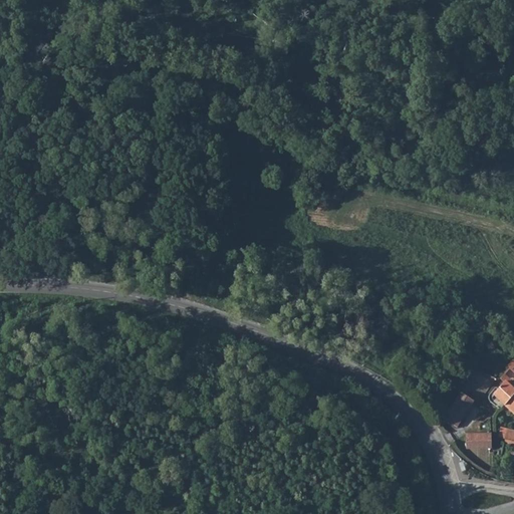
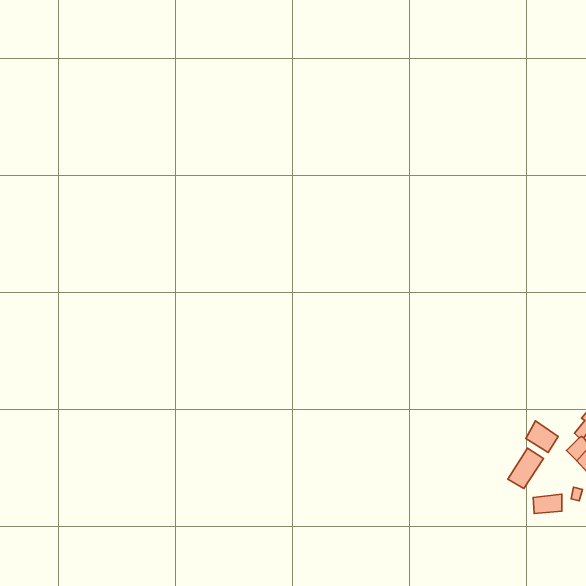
building: none -> [526,421,558,452]

